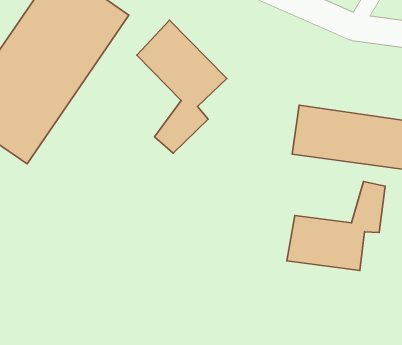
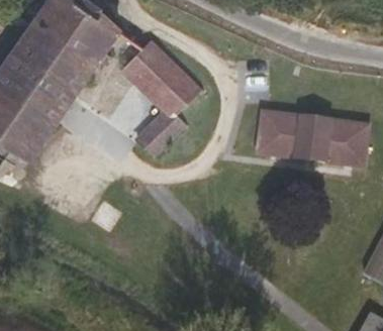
building: [287,181,385,270] -> none

